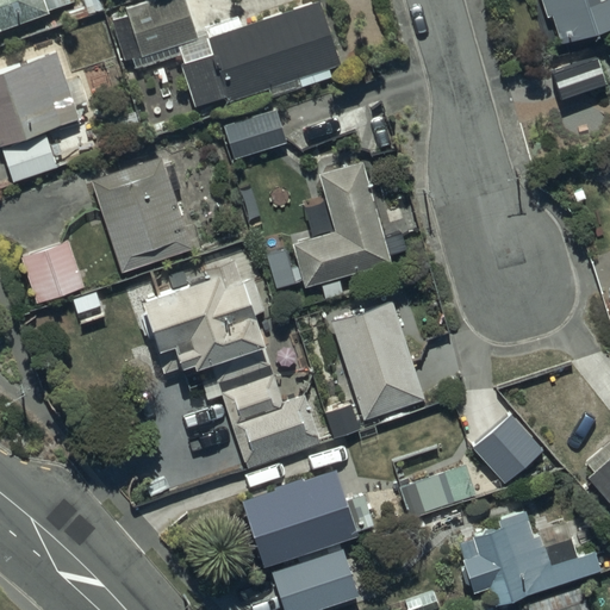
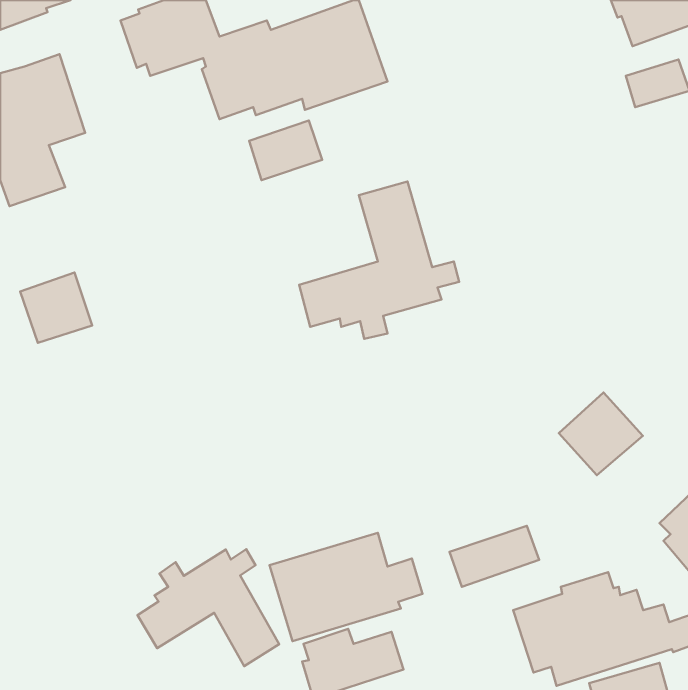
building: [91,156,192,273] -> none
building: [136,266,323,471] -> none
building: [328,299,425,422] -> none
building: [471,413,544,486] -> [559,392,643,475]
building: none -> [137,549,279,666]

